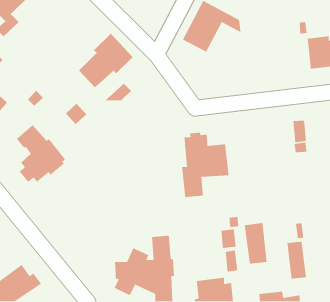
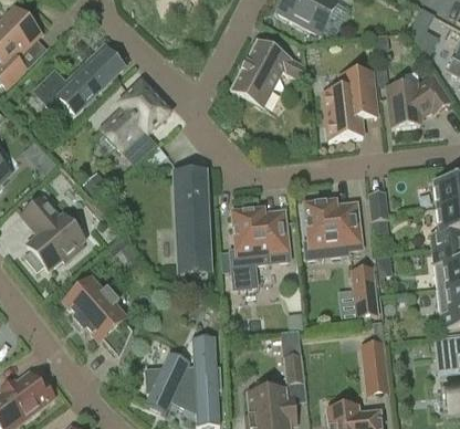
building: none -> [34,45,123,112]
building: none -> [323,71,375,138]
building: none -> [176,172,207,260]
building: none -> [304,200,362,258]
building: none -> [63,278,132,359]
building: [244,222,268,264] -> [349,265,379,318]

